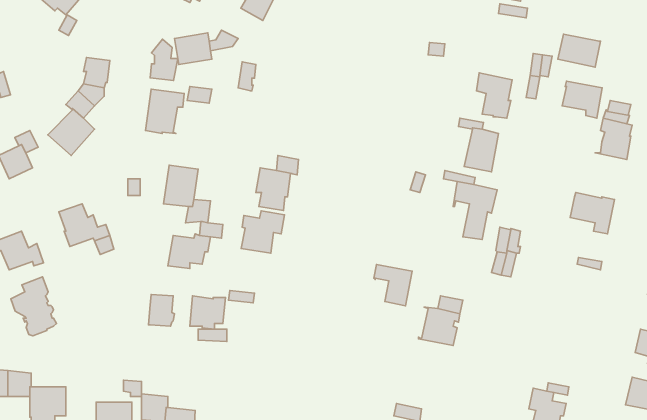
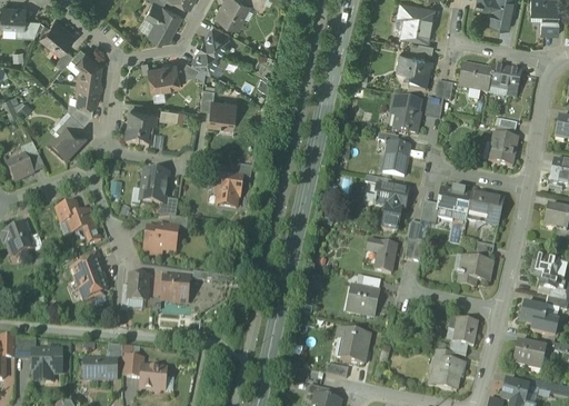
building: none -> [191,42,220,72]
building: none -> [397,51,431,88]
building: [150,39,178,80] -> [78,51,100,85]
building: none -> [209,99,234,123]
building: [562,81,602,118] -> [489,65,521,95]
building: none -> [437,188,471,218]
building: [241,211,285,253] -> none
building: [374,264,412,306] -> [366,238,397,271]
building: none -> [458,255,492,286]
building: [11,277,56,336] -> [71,249,108,297]
building: none -> [448,315,478,345]
building: none -> [338,327,370,363]

